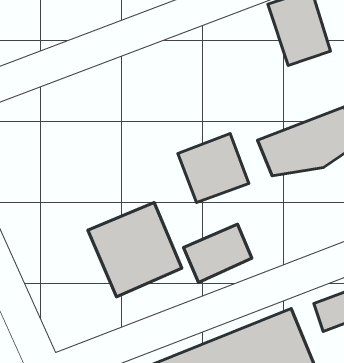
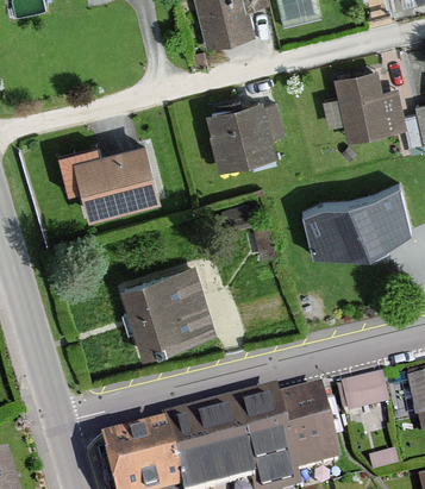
building: none -> [77,140,162,213]
building: [178,133,249,203] -> [208,99,277,165]
building: [184,224,252,282] -> none

